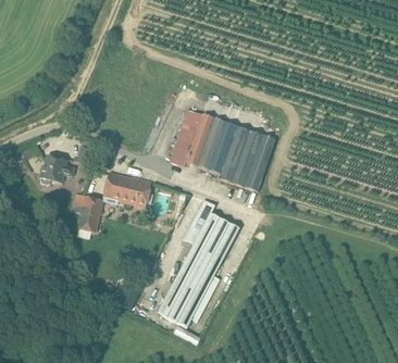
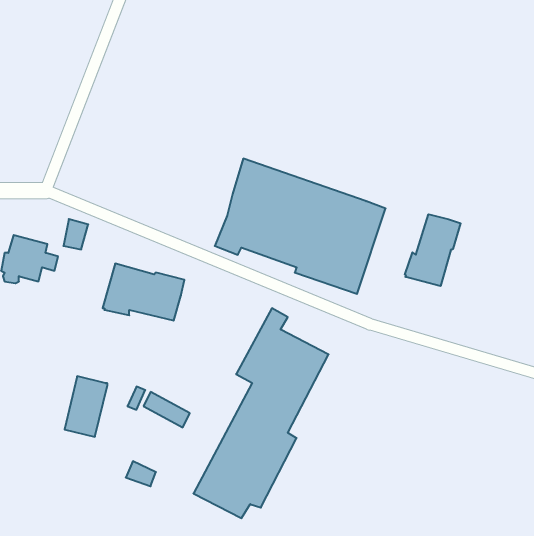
building: none -> [405,214,461,286]
building: [76,195,102,231] -> [65,376,107,437]

